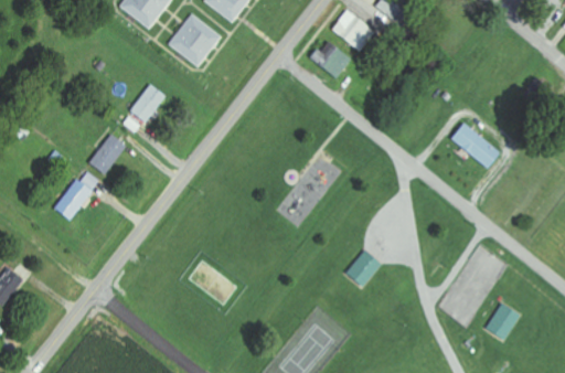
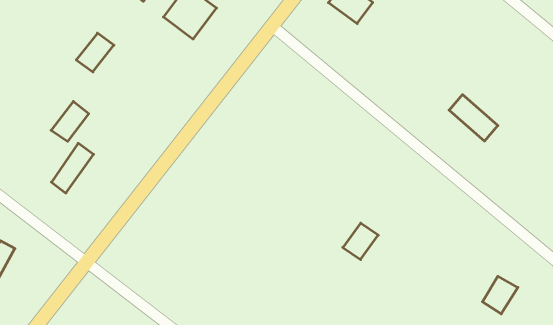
building: [310,41,351,77] -> none
building: [128,83,166,121] -> [76,33,114,72]
building: [88,134,126,173] -> [51,101,89,141]

